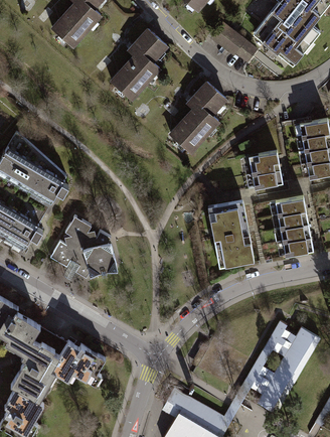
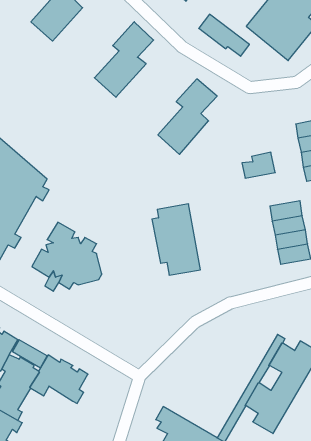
building: [252,169,283,188] -> none
building: [208,199,254,266] -> [152,204,200,275]

